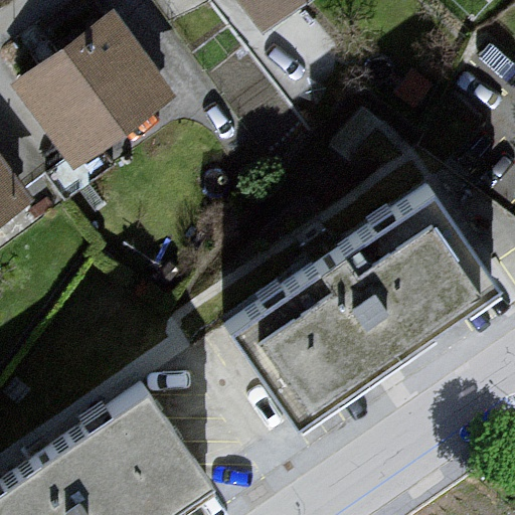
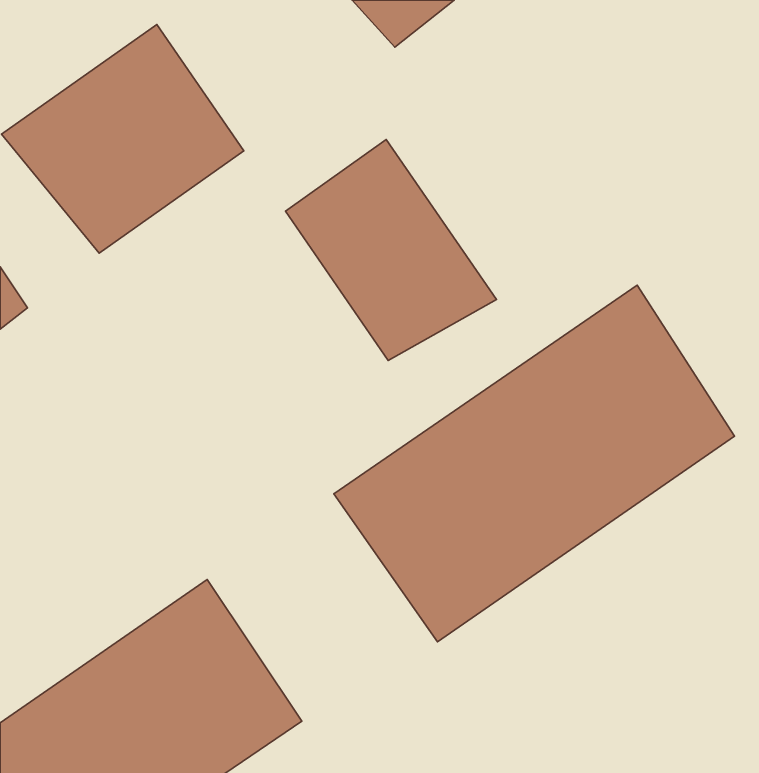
building: none -> [285,139,497,360]

